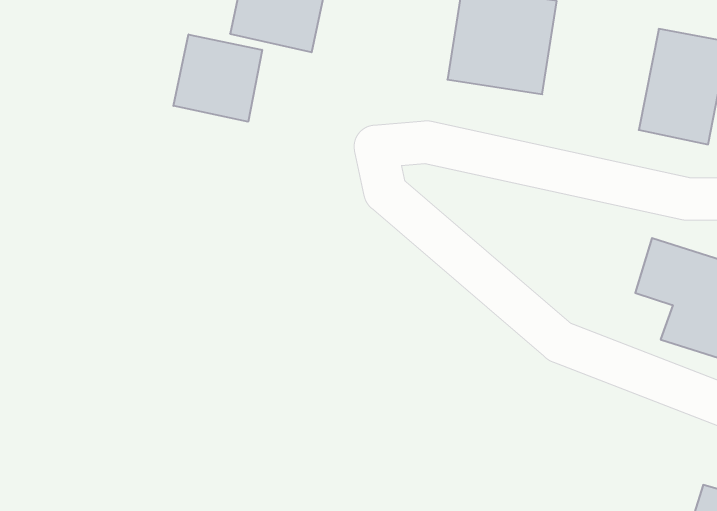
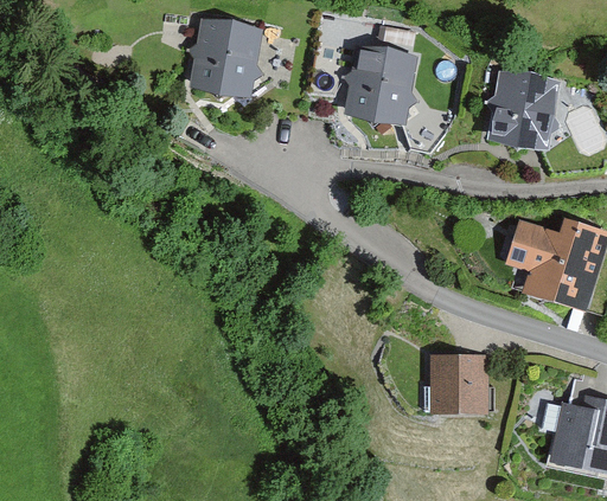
building: [173,34,262,122] -> none
building: none -> [420,354,484,412]

